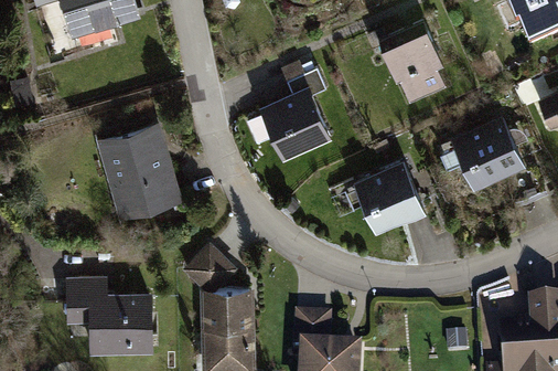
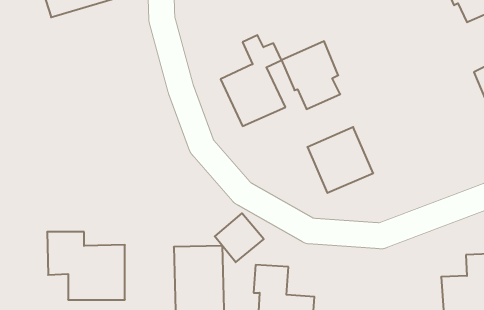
building: [380,26,446,102] -> [281,41,340,109]
building: [452,115,525,189] -> none
building: [94,120,181,221] -> none
building: [182,240,236,294] -> [215,213,264,262]

